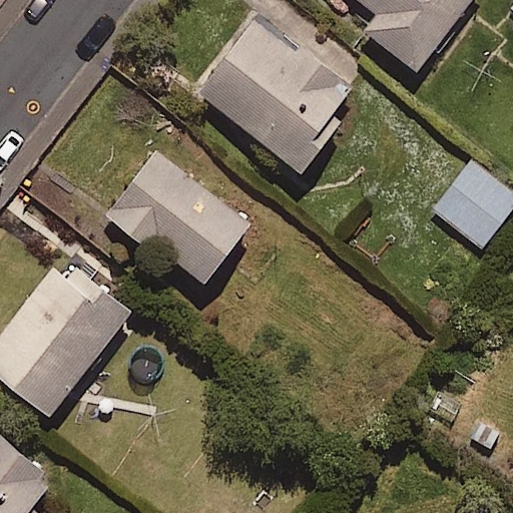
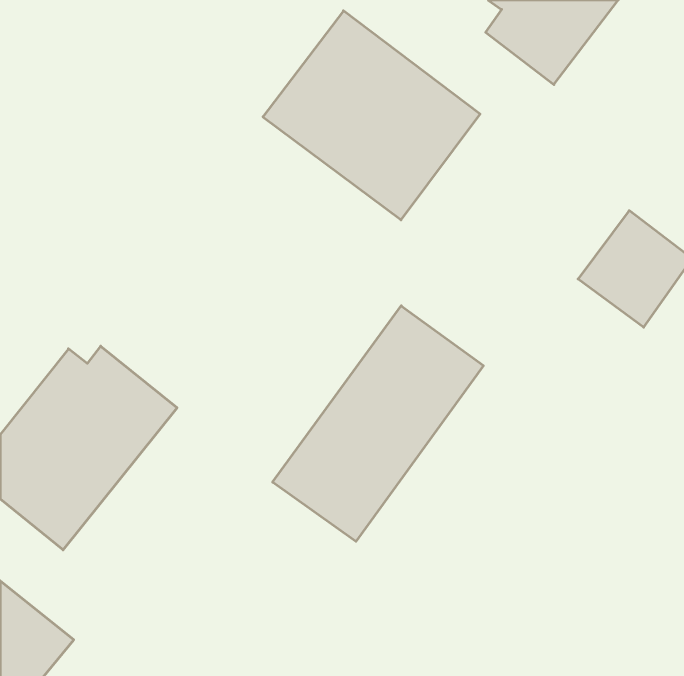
building: [106,151,246,283] -> none
building: none -> [273,306,483,541]

